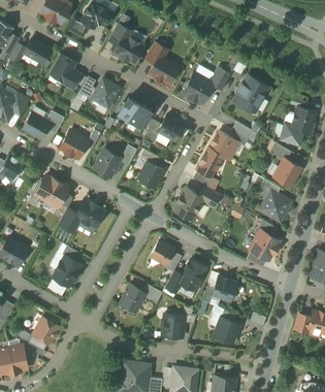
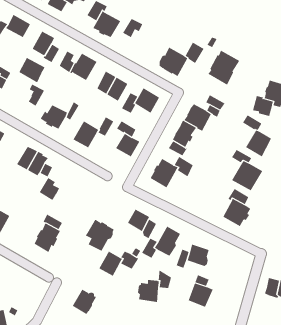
building: [150,55,178,84] -> none
building: [23,112,51,139] -> [19,57,45,83]
building: [74,198,105,232] -> [85,219,115,251]
building: [33,317,59,344] -> [72,289,97,315]

